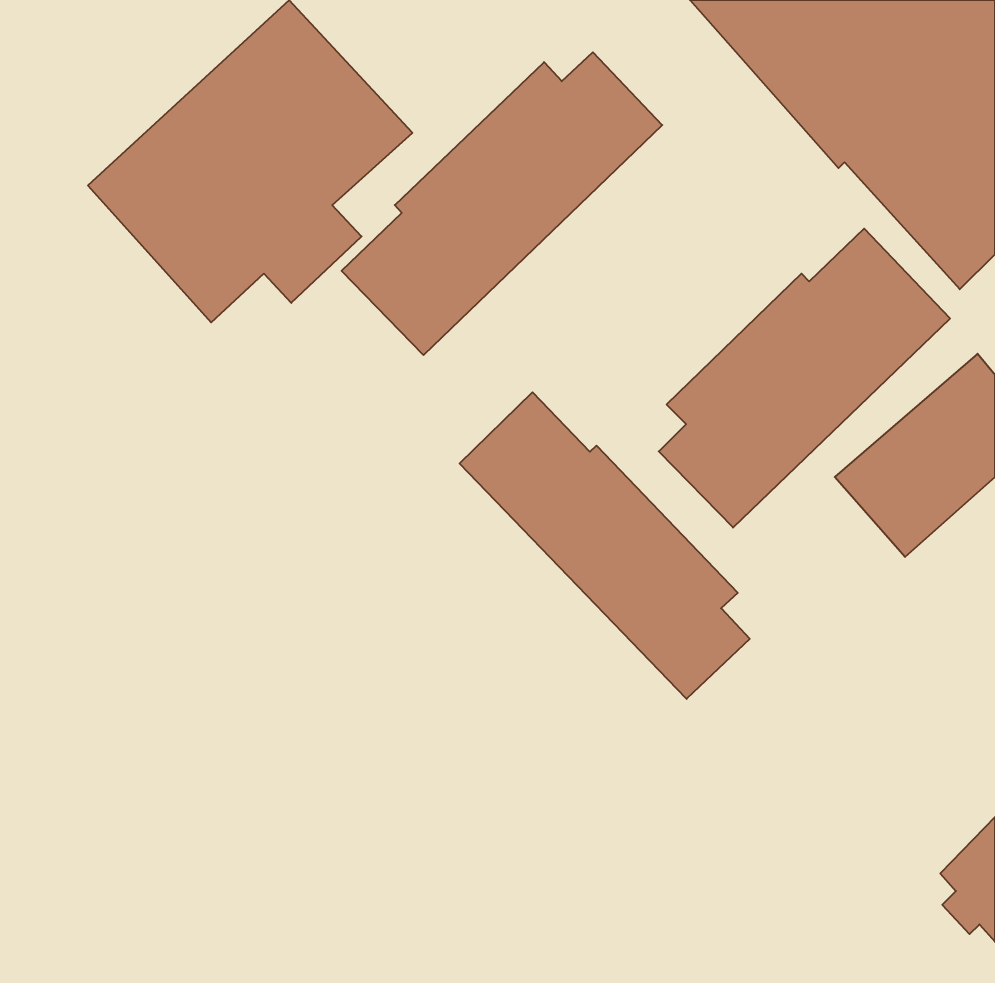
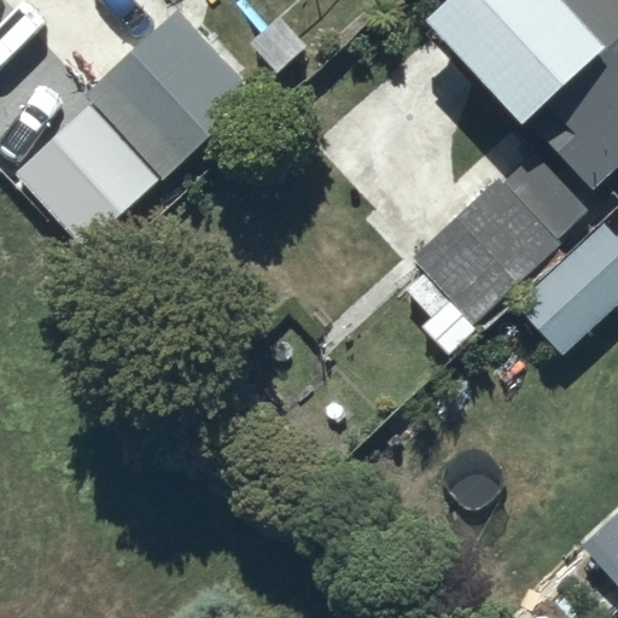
building: [342,52,662,355] -> none
building: [460,392,750,699] -> none

